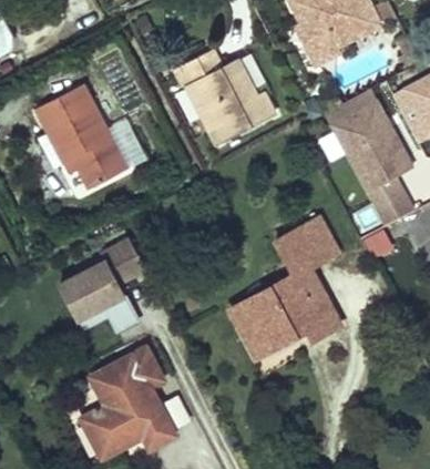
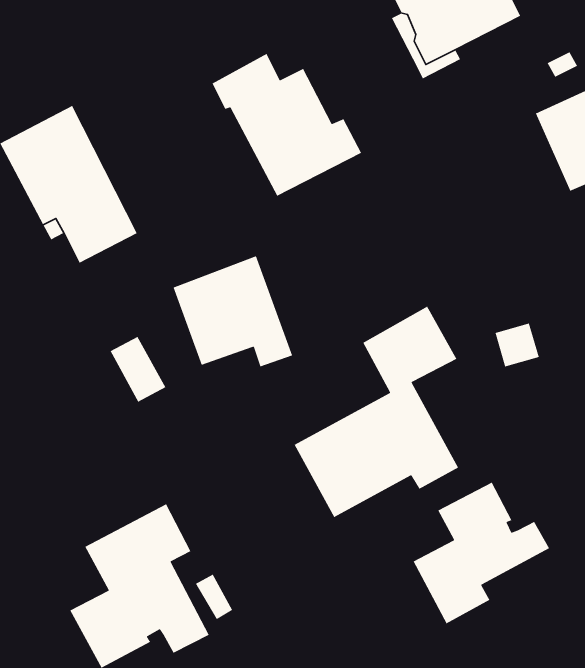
building: [322,86,416,226] -> none
building: [57,257,136,332] -> [173,255,293,367]
building: none -> [412,481,550,625]

